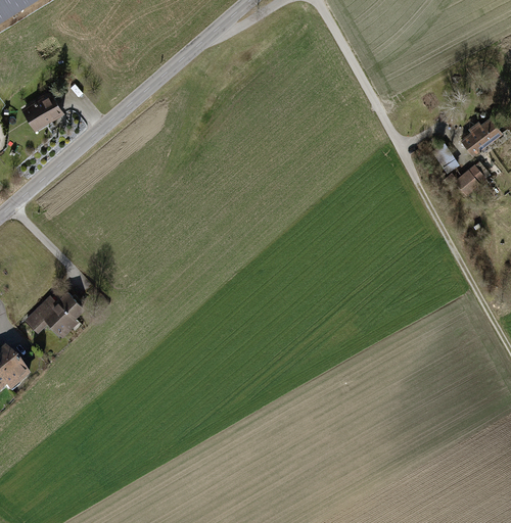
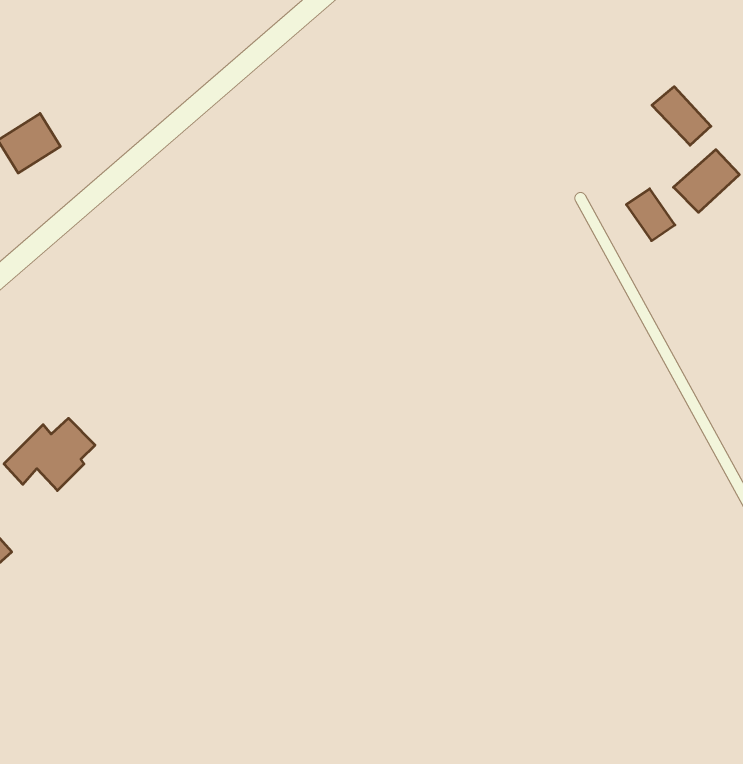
building: none -> [652,87,711,145]
building: [455,160,491,194] -> none

